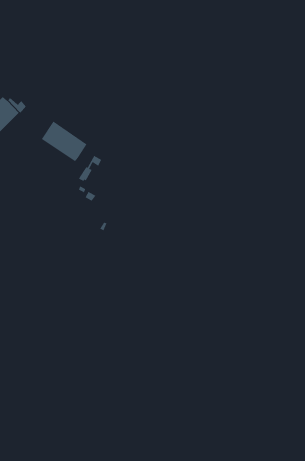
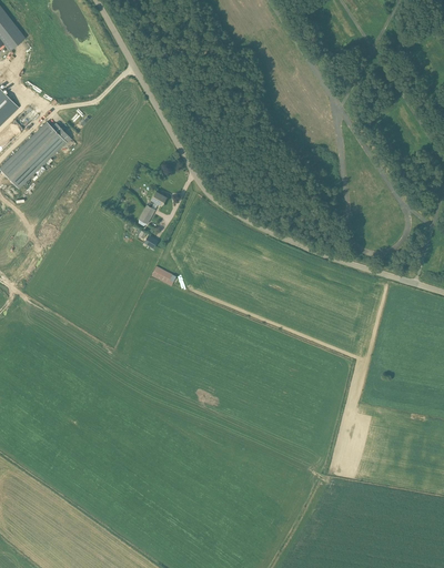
building: [41,121,88,162] -> none

